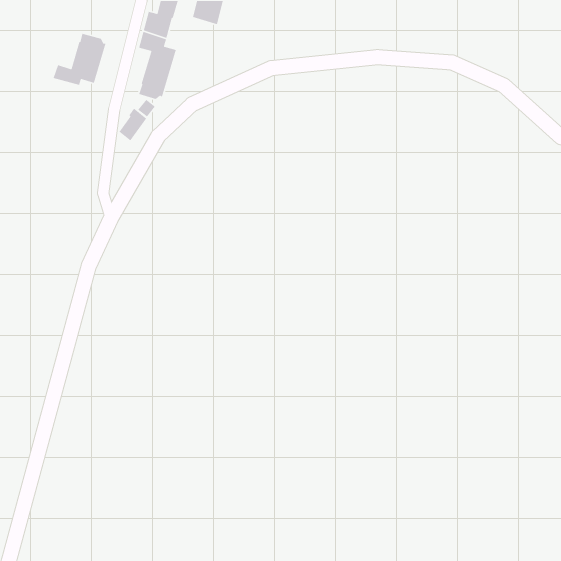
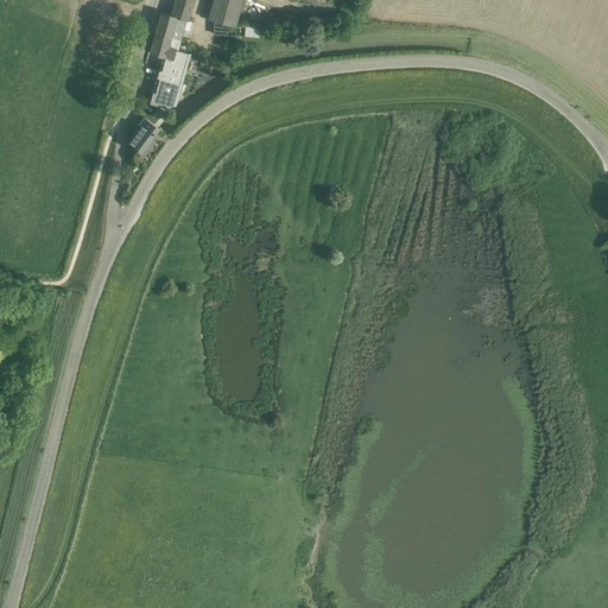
building: [52,33,107,86] -> none

